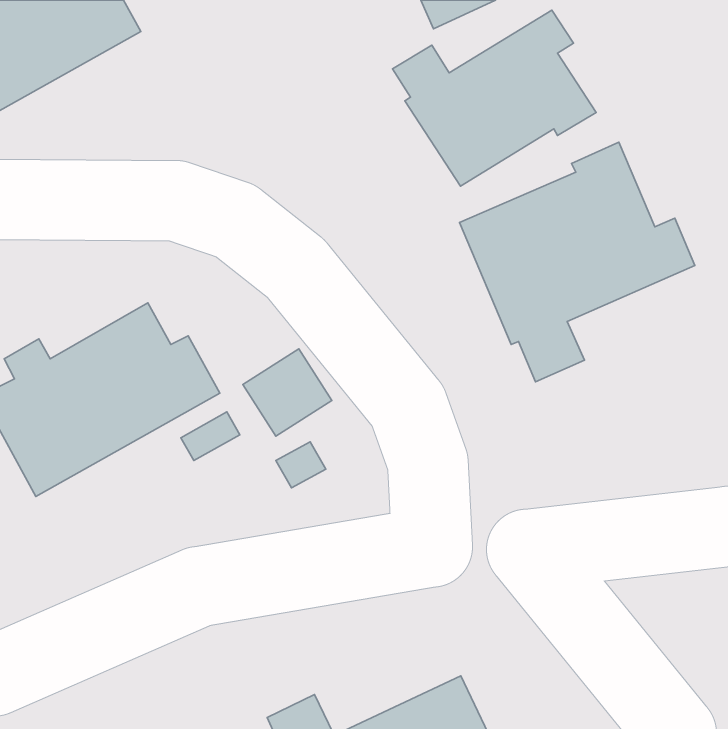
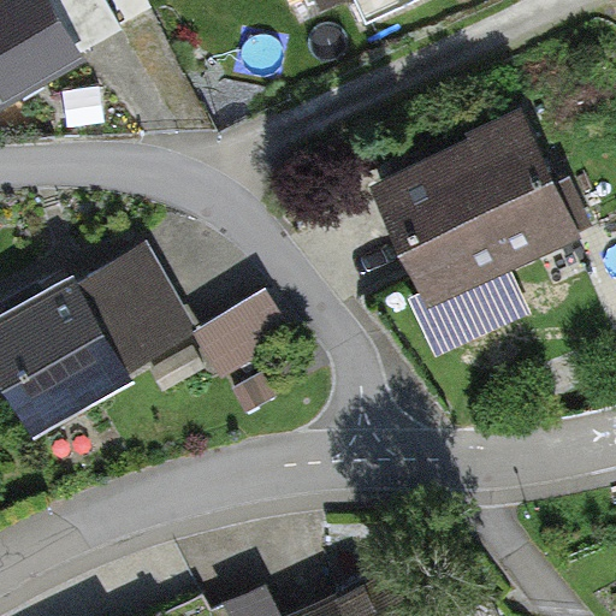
building: [392,10,596,186] -> none

